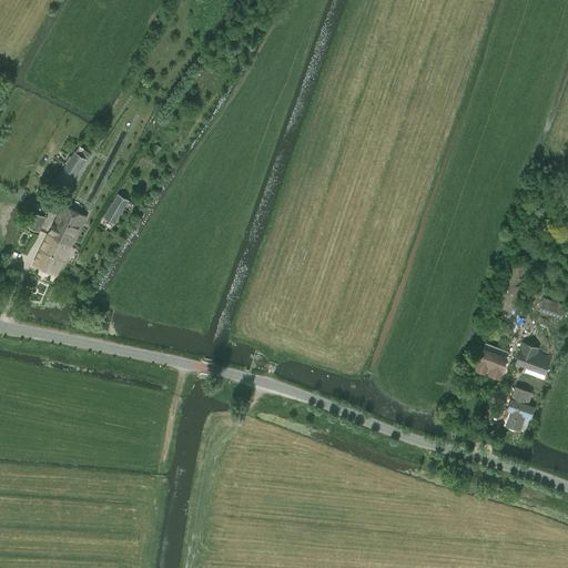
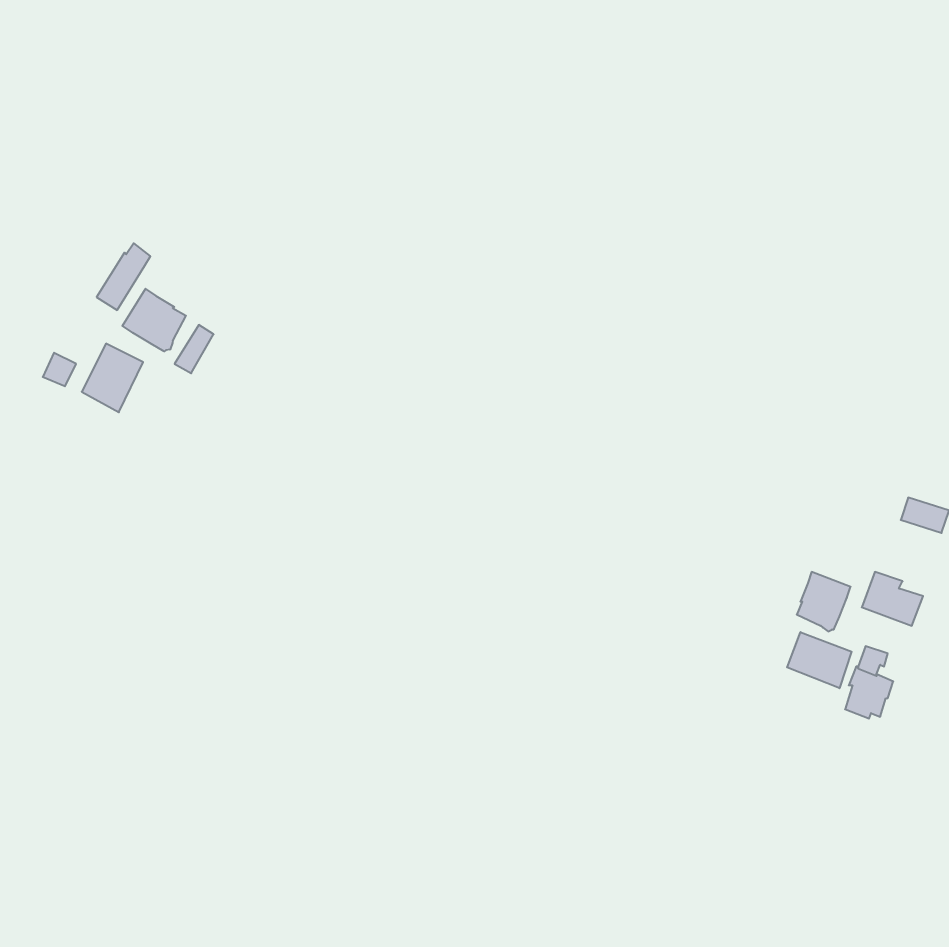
building: none -> [122,289,186,351]
building: [33,235,71,276] -> none
building: none -> [787,632,852,688]

